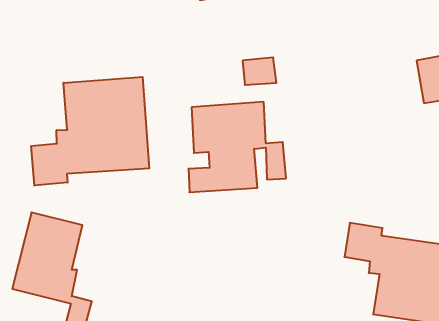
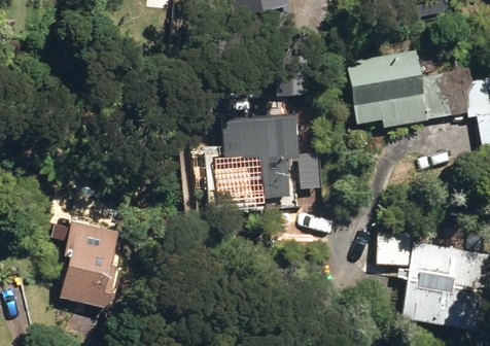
building: none -> [345,50,451,128]
building: [31,77,149,186] -> none

